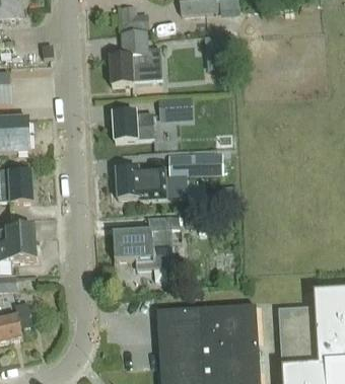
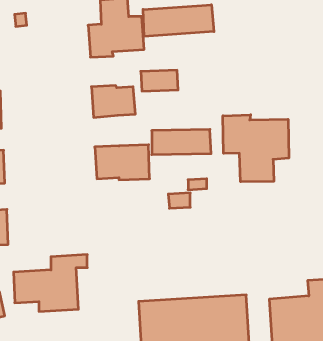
building: none -> [143,5,214,36]
building: none -> [223,115,289,182]
building: [113,215,181,267] -> [14,255,87,311]

